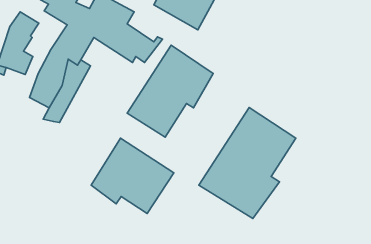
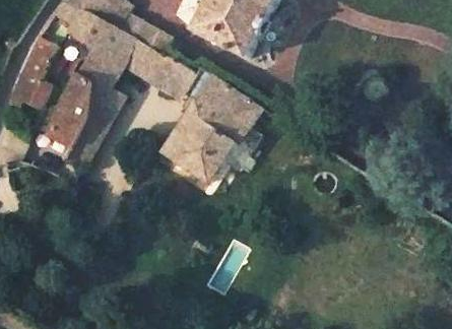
building: [199,108,296,219] -> none
building: [91,138,174,213] -> none

